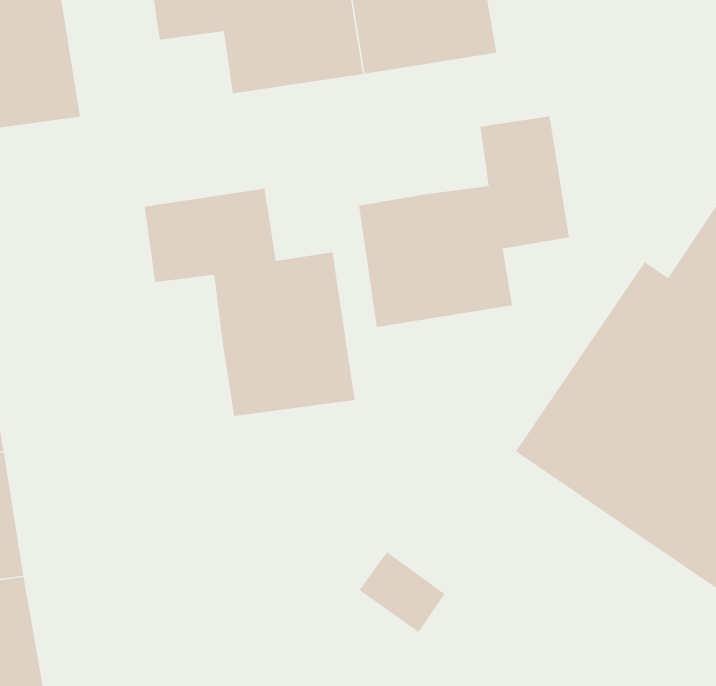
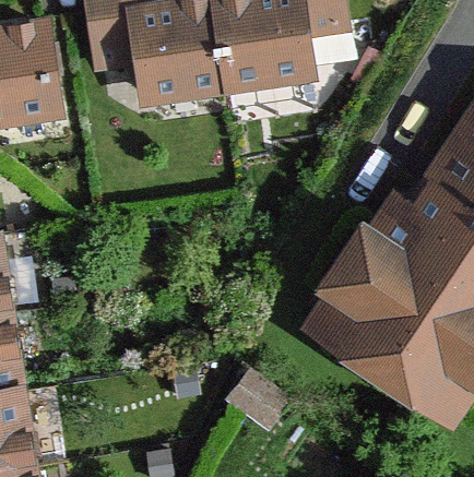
building: [358,116,570,328] -> none
building: [144,188,355,417] -> none

